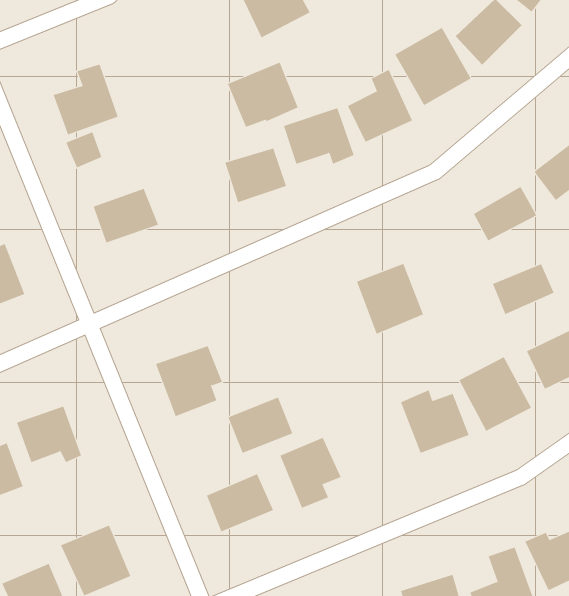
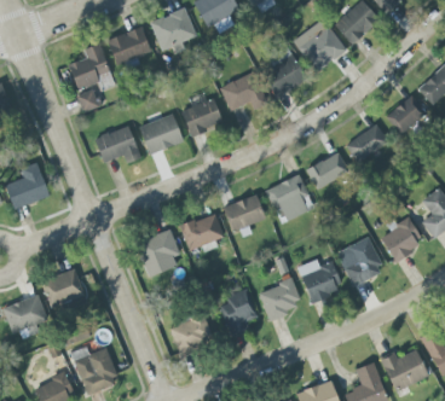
building: none -> [106,27,151,65]
building: [227,62,298,128] -> [150,7,197,51]
building: none -> [139,115,183,153]
building: [492,264,554,315] -> [307,153,348,187]
building: none -> [224,196,265,236]
building: [227,397,293,454] -> [180,213,224,250]
building: none -> [258,279,301,321]

